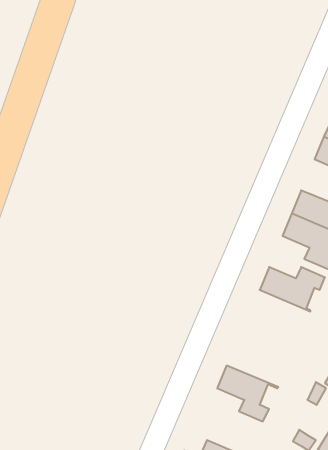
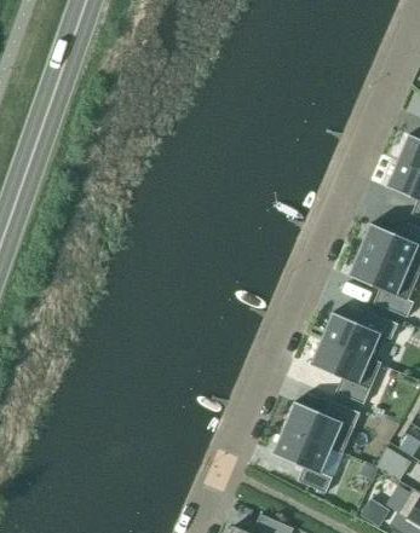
building: none -> [310,338,381,404]
building: none -> [283,400,361,452]

